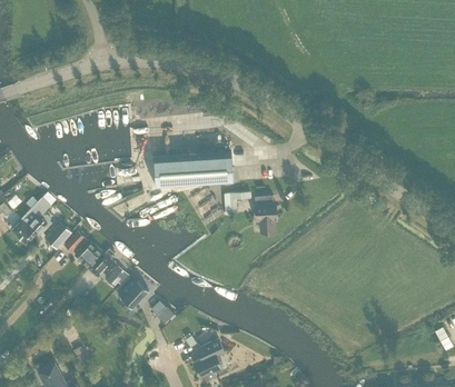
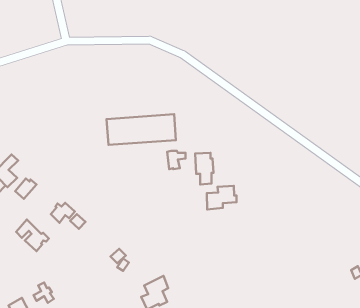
building: [63,230,101,267] -> [16,219,49,251]
building: none -> [207,186,237,210]
building: [120,276,148,307] -> none

